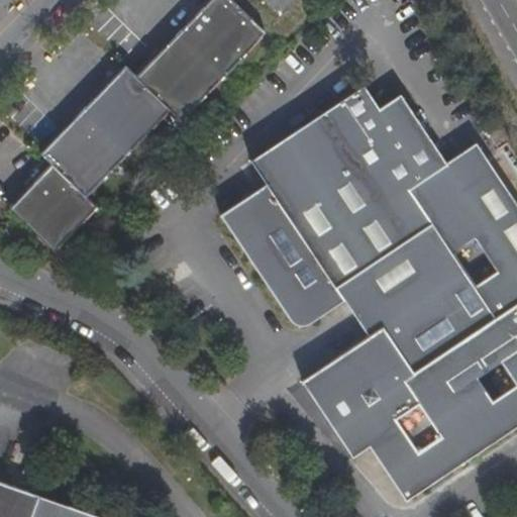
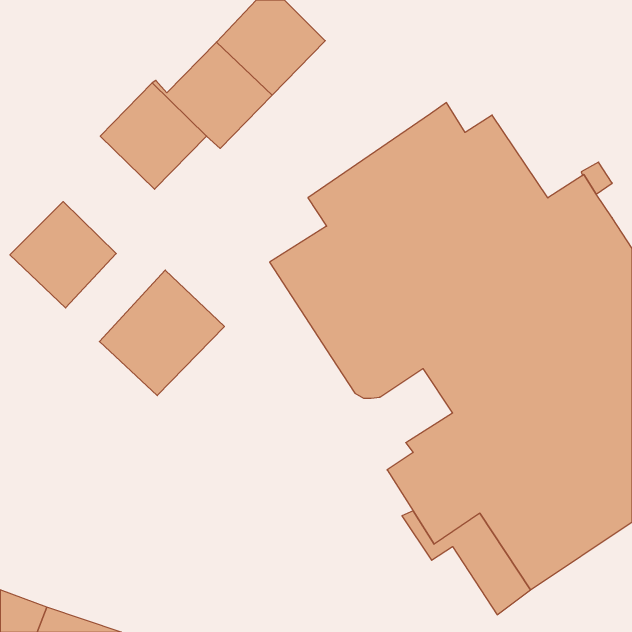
building: [40,111,126,207] -> none
building: none -> [99,270,224,396]
building: [301,361,337,421] -> none

